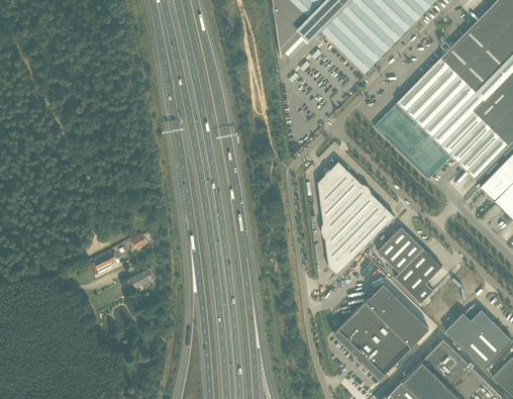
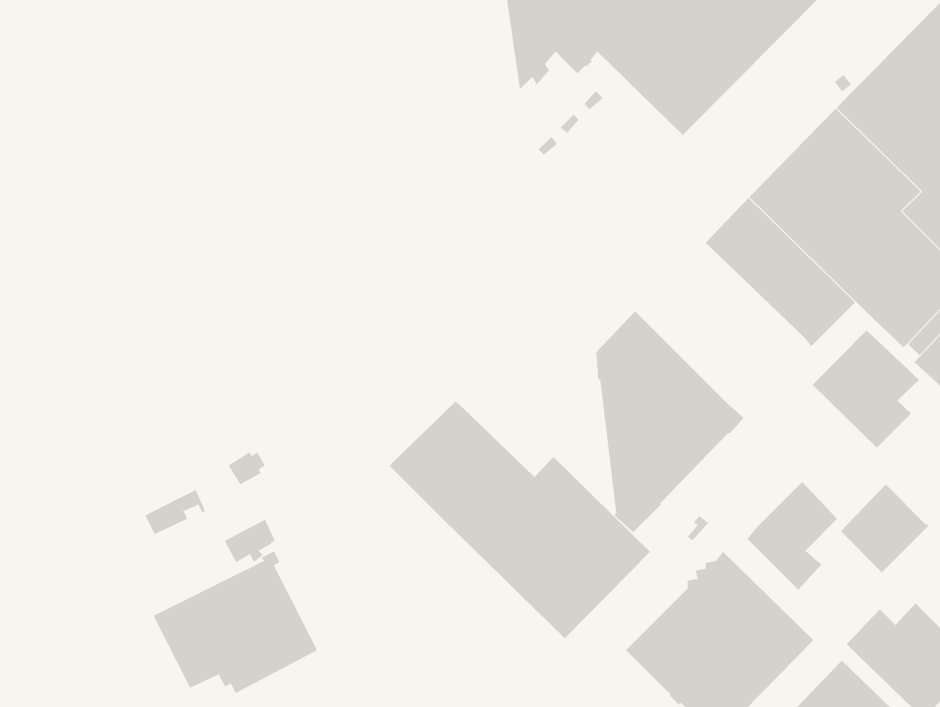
building: none -> [812,329,920,448]
building: none -> [389,400,651,639]
building: [379,226,424,272] -> [840,484,930,573]
building: none -> [153,550,318,694]

